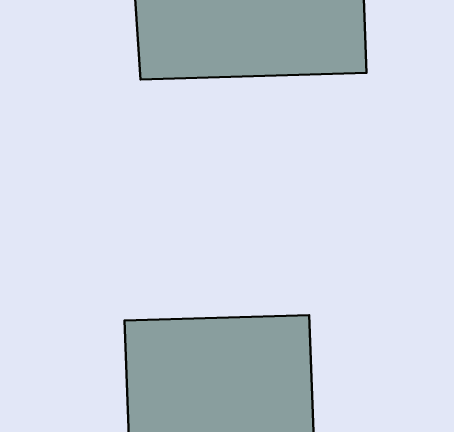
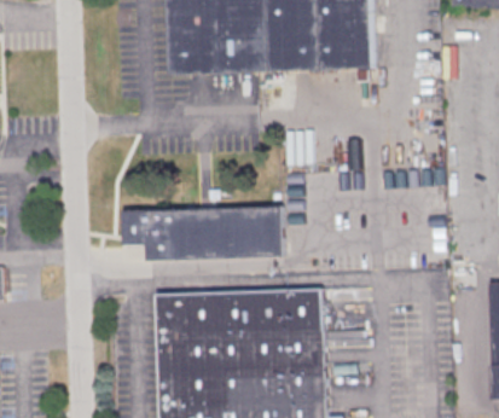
building: none -> [121,204,285,261]

